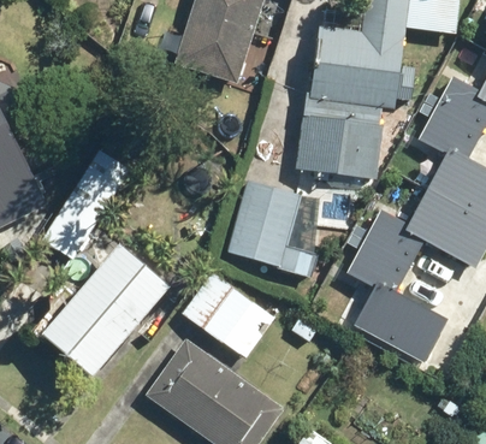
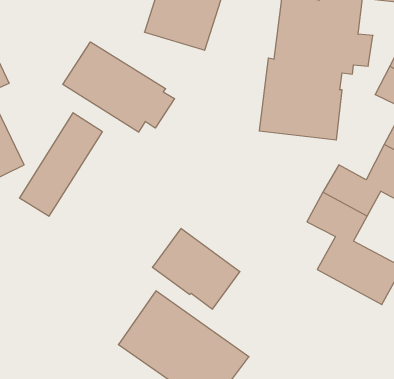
building: none -> [63,42,175,132]
building: [226,183,321,278] -> none
building: [41,247,170,380] -> none

